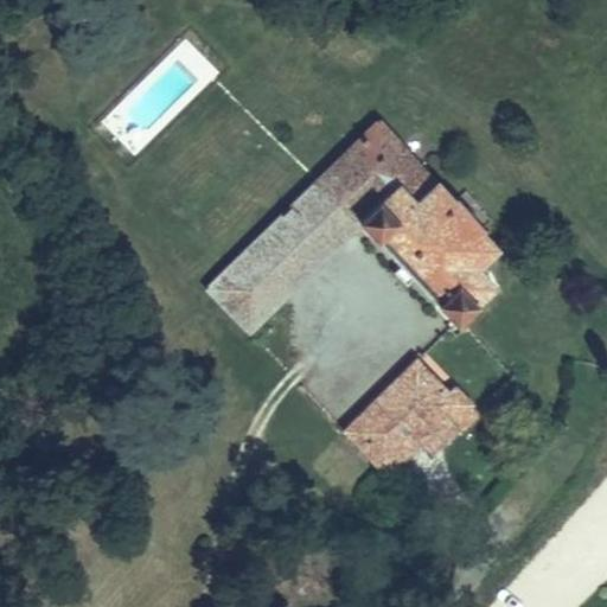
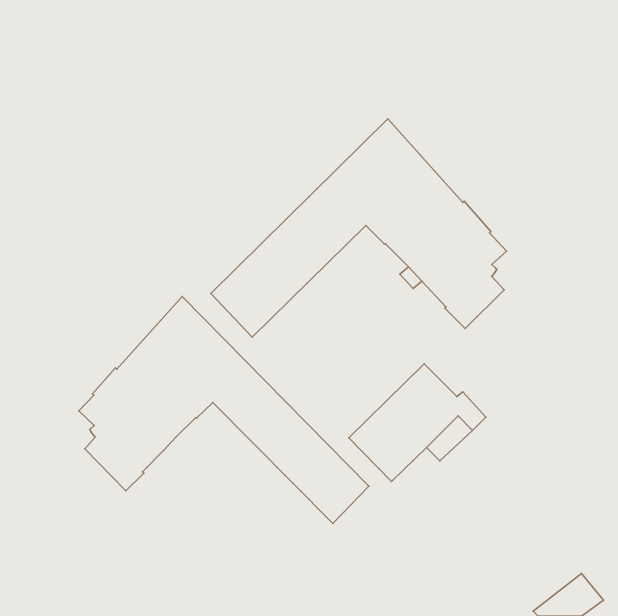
building: none -> [79,297,369,524]

